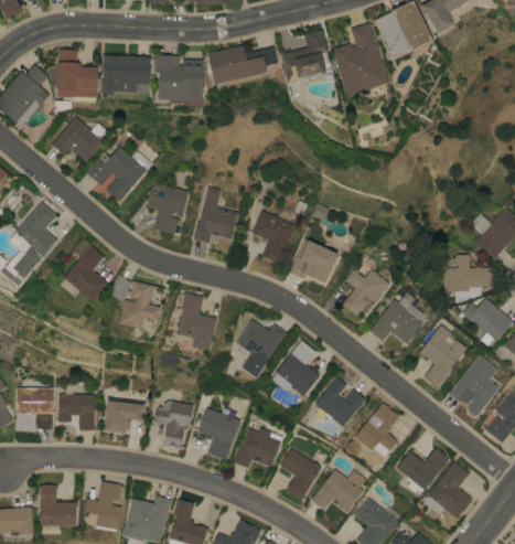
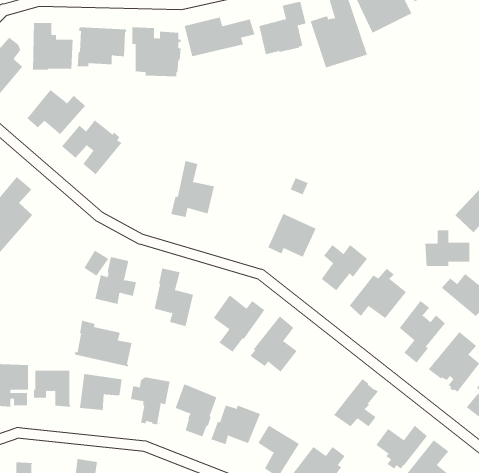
building: [148,185,189,234] -> none
building: [253,207,298,264] -> none
building: [65,238,108,301] -> none
building: none -> [75,320,132,367]
building: [315,376,366,427] -> none

